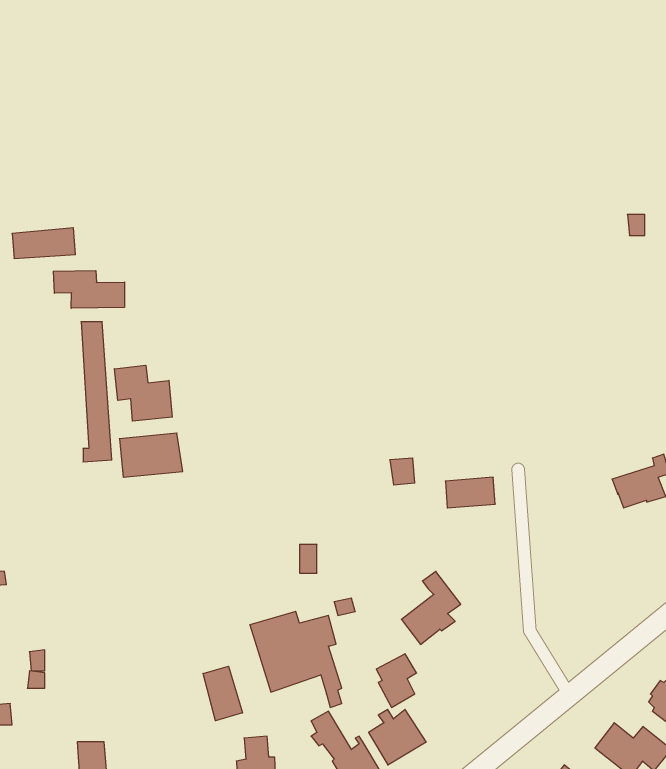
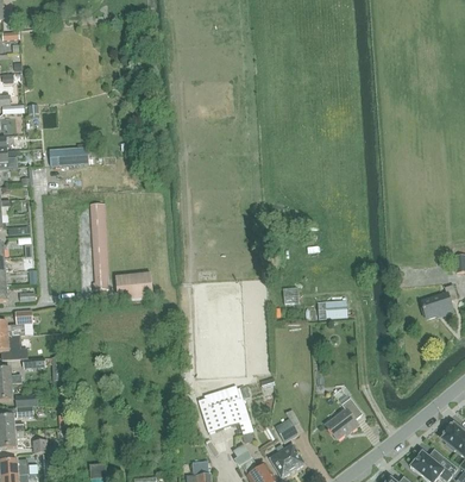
building: [53,271,125,308] -> none
building: [114,365,172,421] -> none
building: [401,571,461,644] -> [325,394,362,439]
building: [203,666,243,721] -> none

